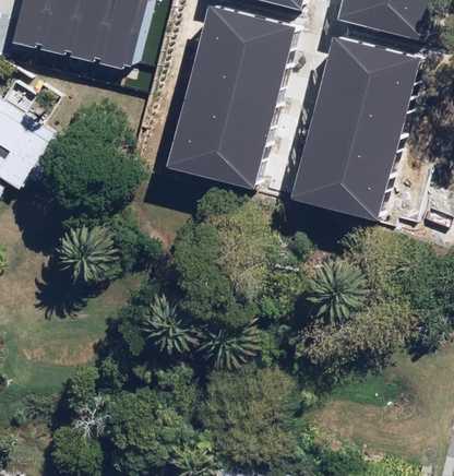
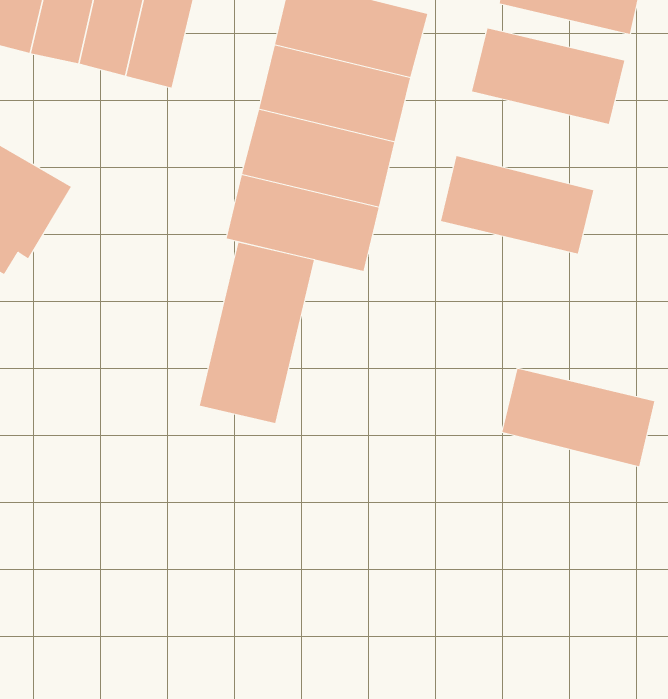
building: [310,75,407,138] -> none
building: [290,157,387,219] -> [501,368,655,467]
building: none -> [199,242,315,424]

